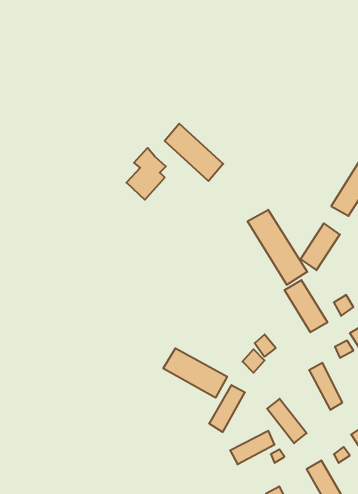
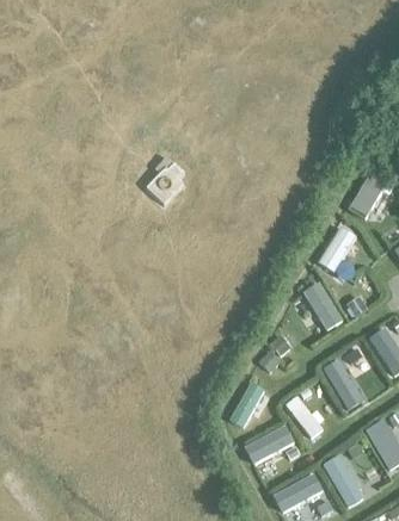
building: [165,124,223,181] -> none
building: [248,210,307,285] -> none
building: [163,348,227,398] -> none

